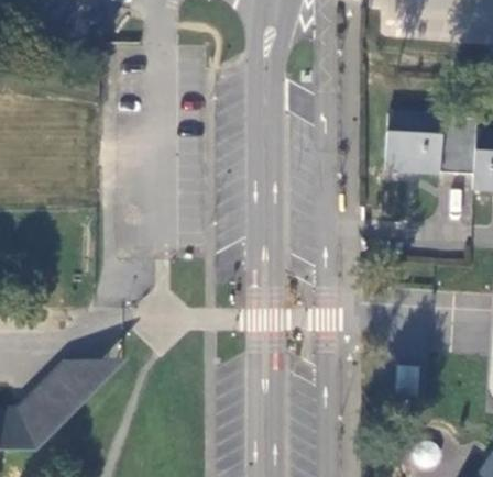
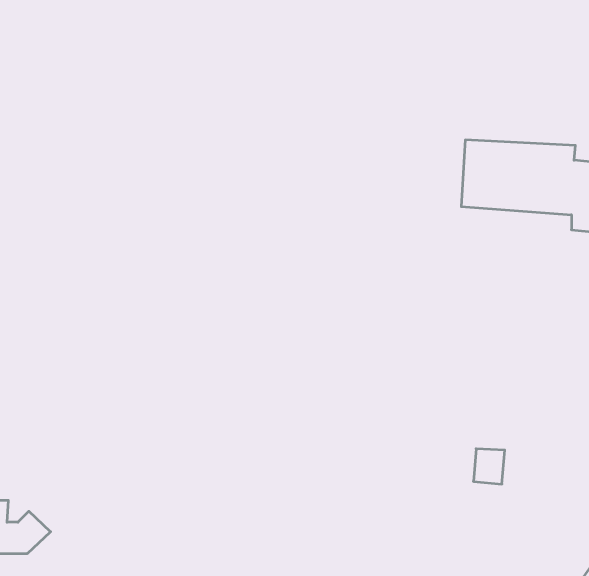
building: [17,364,118,432] -> none

